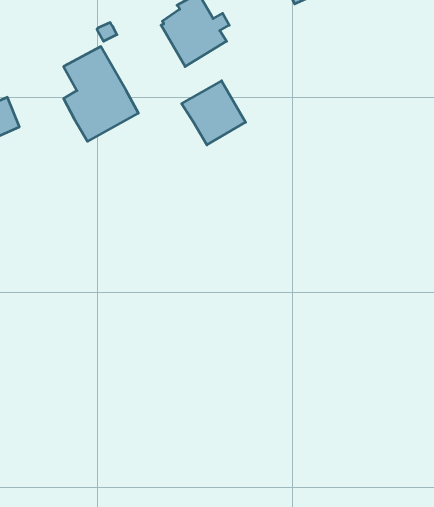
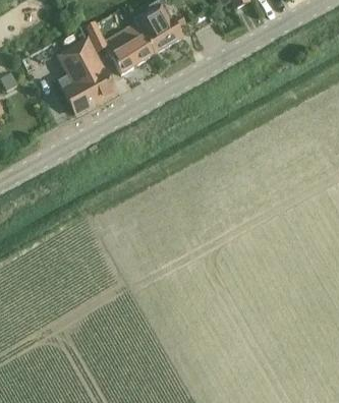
building: [182,81,246,145] -> [100,23,149,72]

